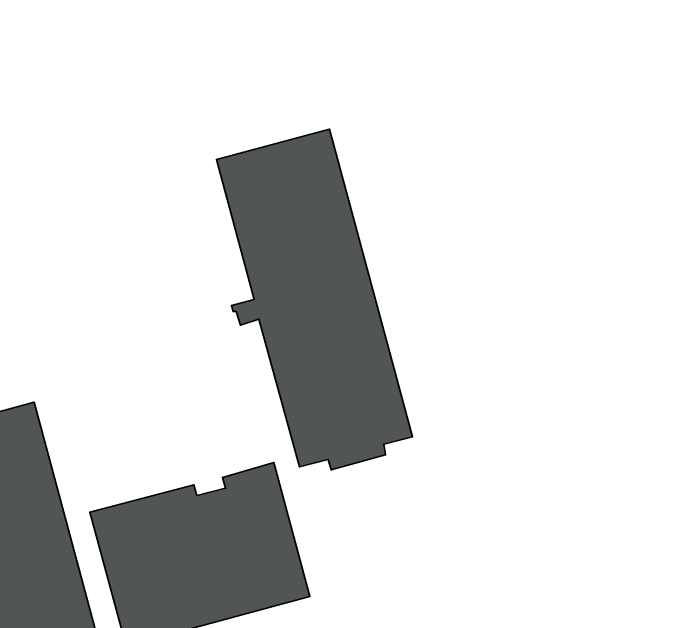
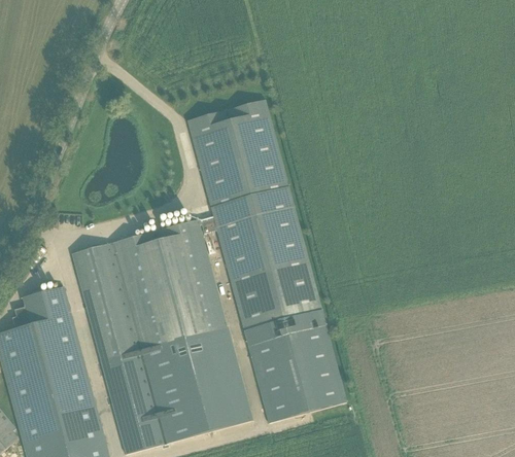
building: none -> [72,220,227,361]
building: none -> [244,310,346,423]

